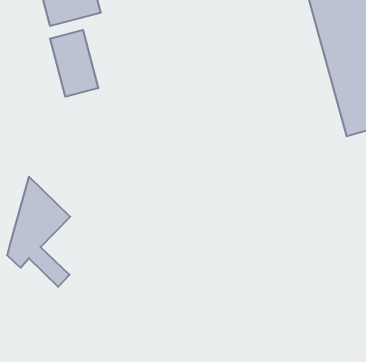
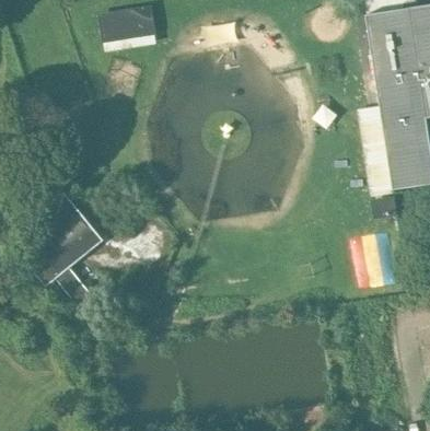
building: [50,30,98,97] -> none

